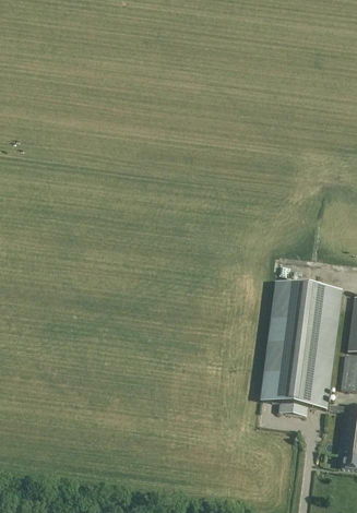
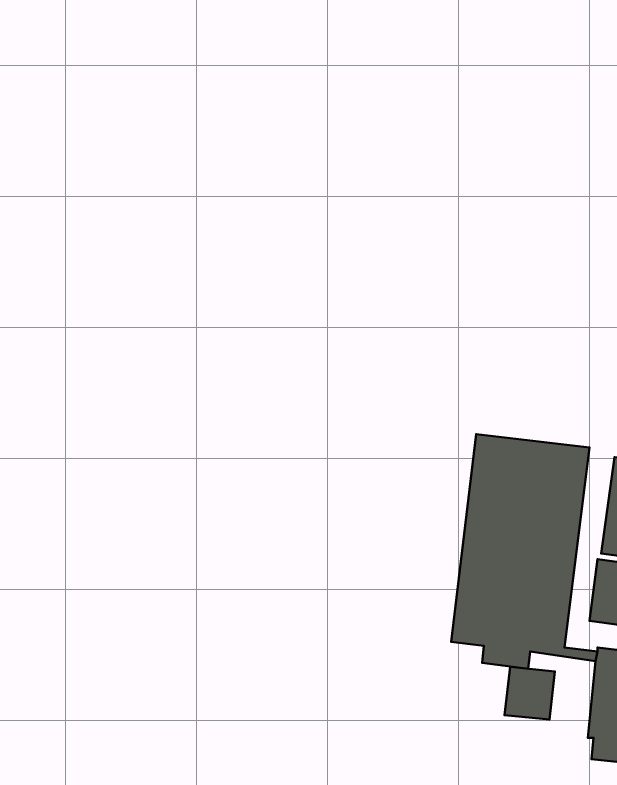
building: none -> [505,667,555,720]

